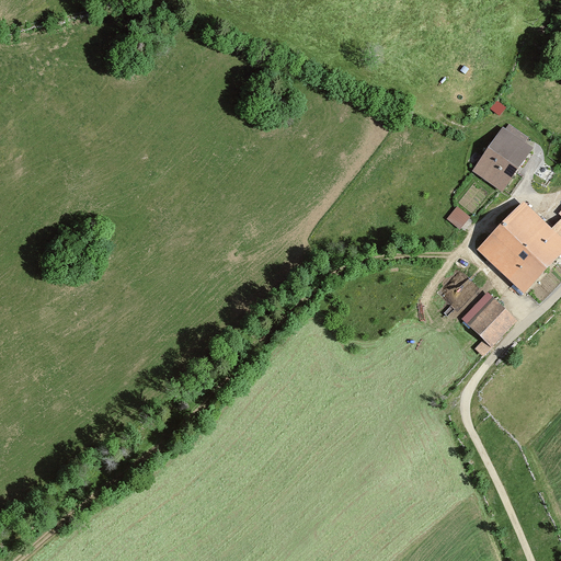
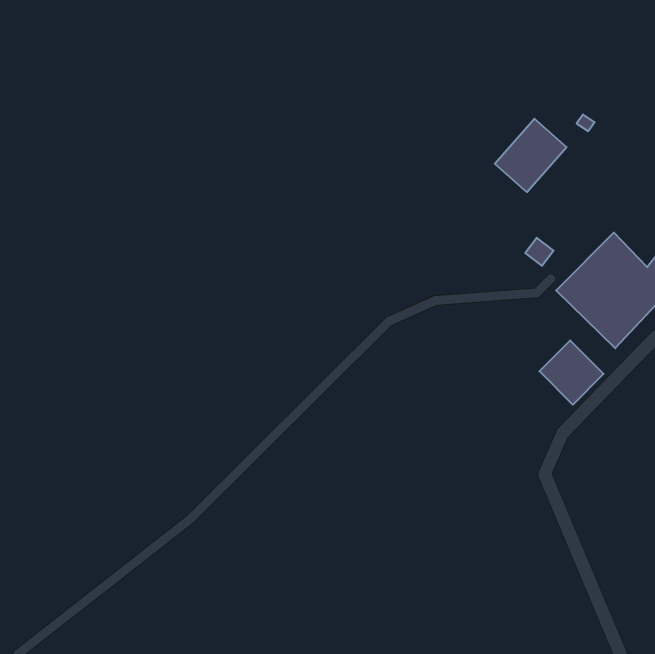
building: [472,127,534,190] -> [495,119,567,192]

